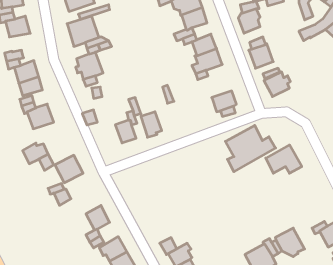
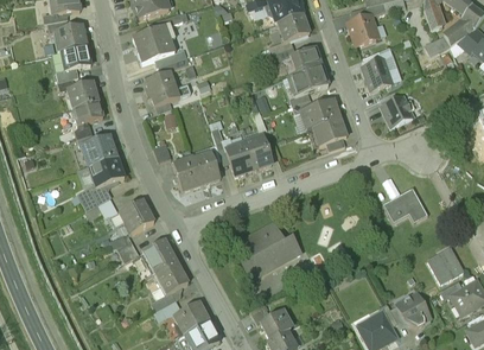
building: none -> [62,46,91,70]
building: none -> [302,98,340,129]
building: none -> [244,139,272,168]
building: none -> [173,157,203,190]
building: none -> [89,158,125,187]
building: [225,125,276,172] -> [238,221,301,279]
building: none -> [144,240,177,274]
building: none -> [427,247,463,282]

